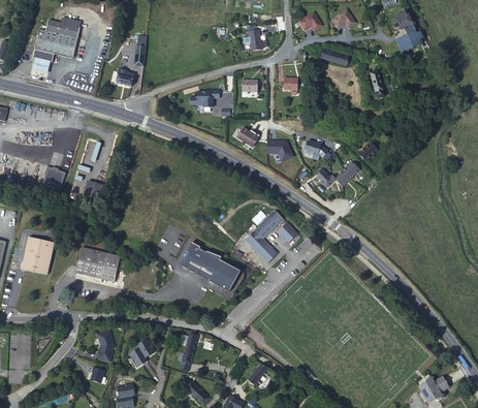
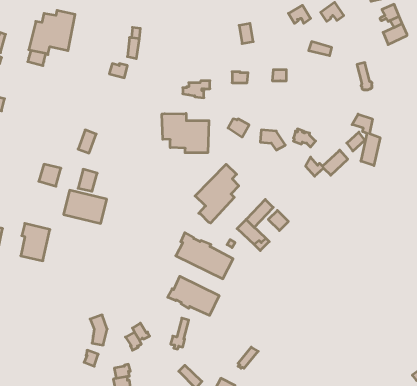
building: none -> [162,113,209,153]
building: none -> [352,114,380,166]
building: none -> [195,164,239,223]
building: [75,247,120,281] -> [64,190,107,223]
building: none -> [168,276,219,315]

